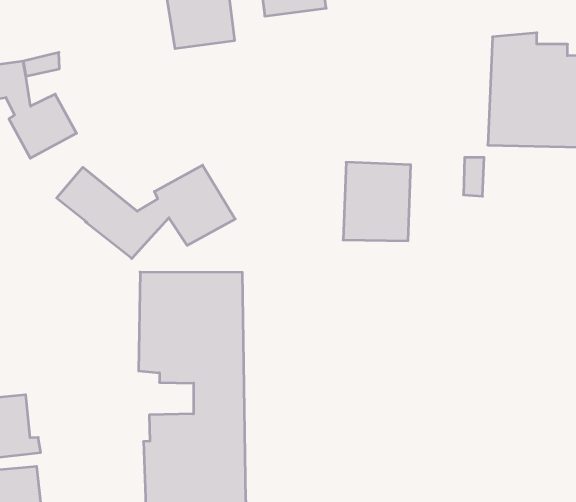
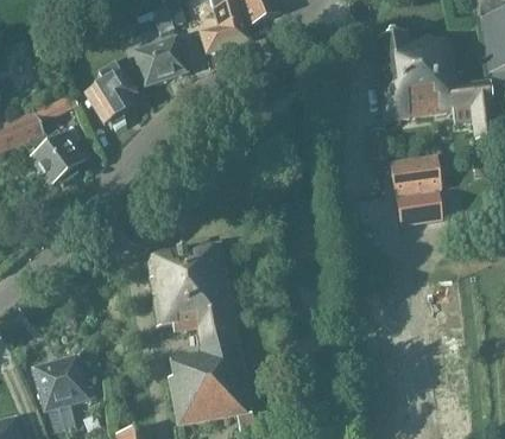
building: none -> [86,62,133,122]
building: [343,162,411,241] -> [389,154,443,217]
building: [57,165,235,259] -> none

